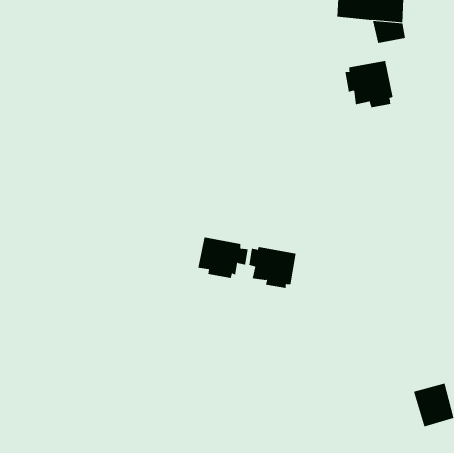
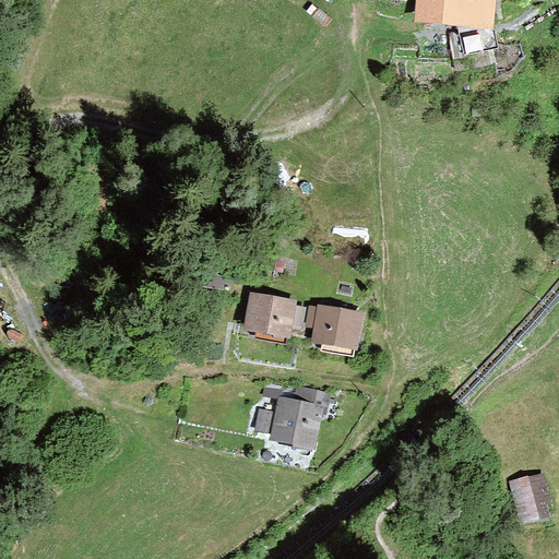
building: [345,60,393,108] -> none
building: none -> [253,384,330,449]

